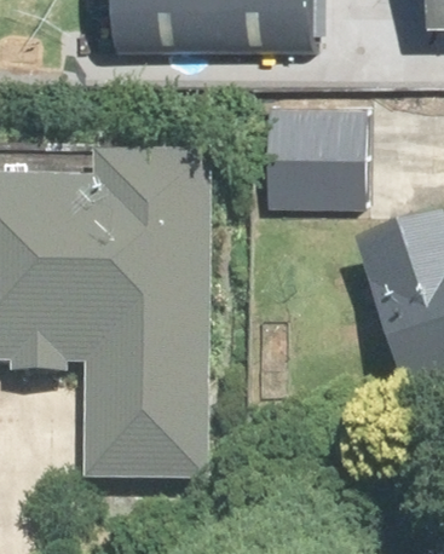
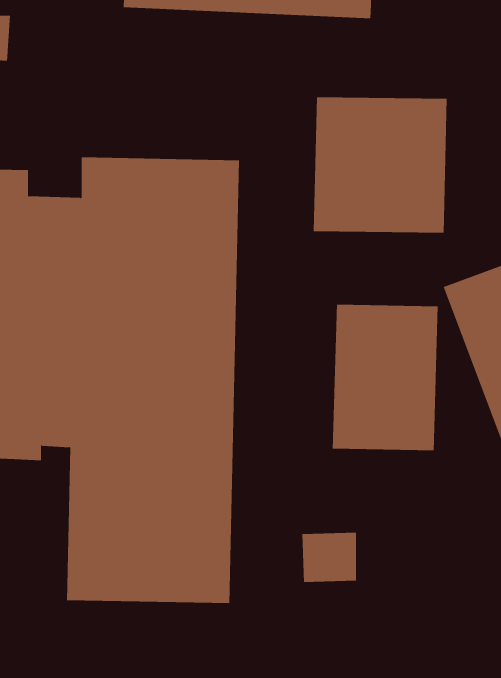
building: none -> [332,304,438,451]

